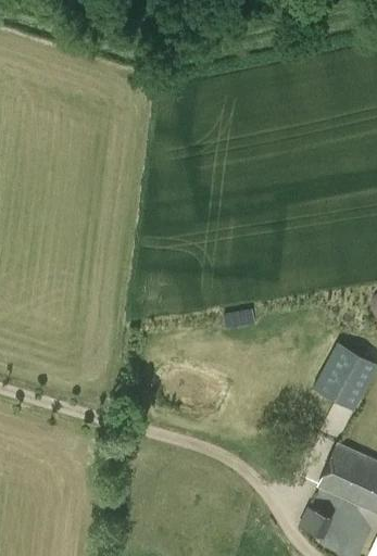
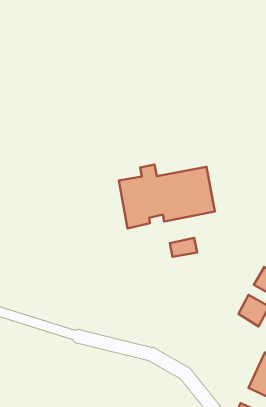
building: none -> [119,165,215,228]

